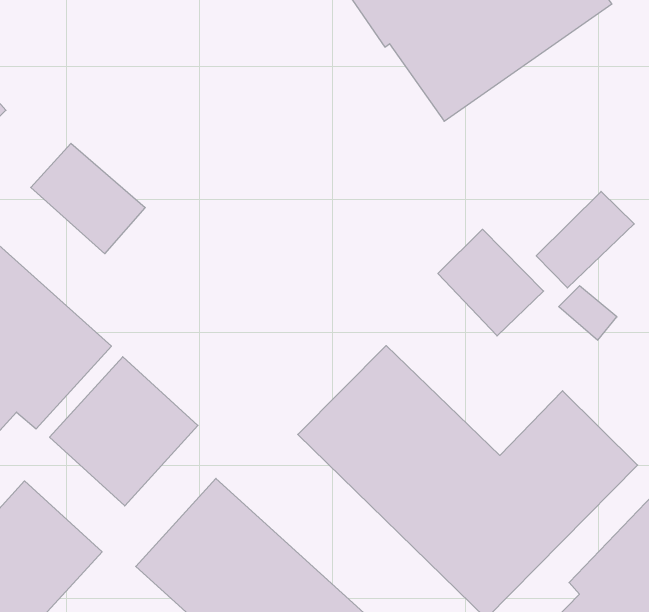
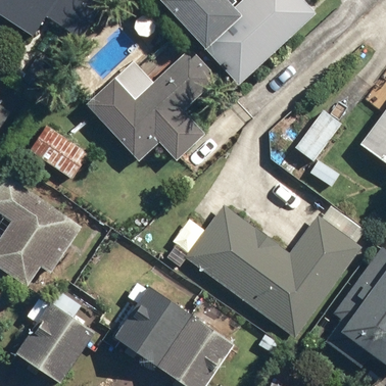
building: none -> [85,47,220,161]
building: [438,229,544,336] -> none
building: [50,357,198,506] -> none

